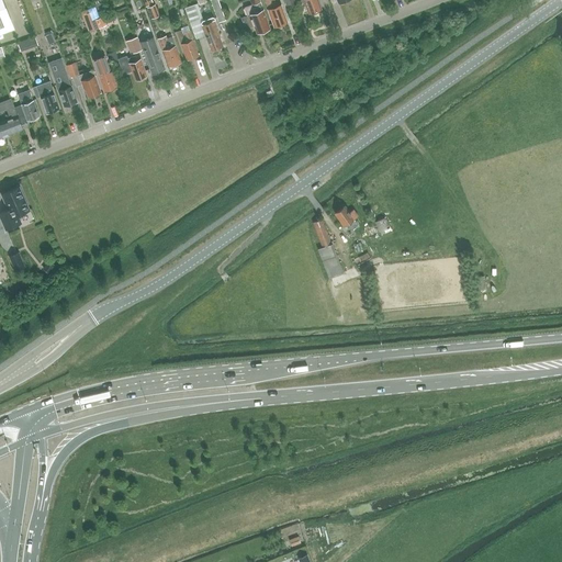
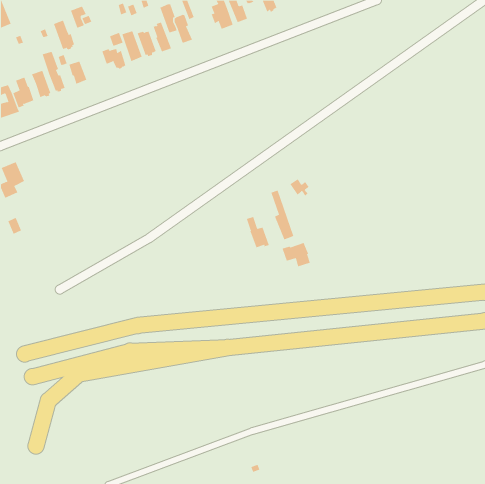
building: [92,57,117,92] -> [53,20,75,50]
building: none -> [246,216,269,248]
building: none -> [282,242,310,267]

